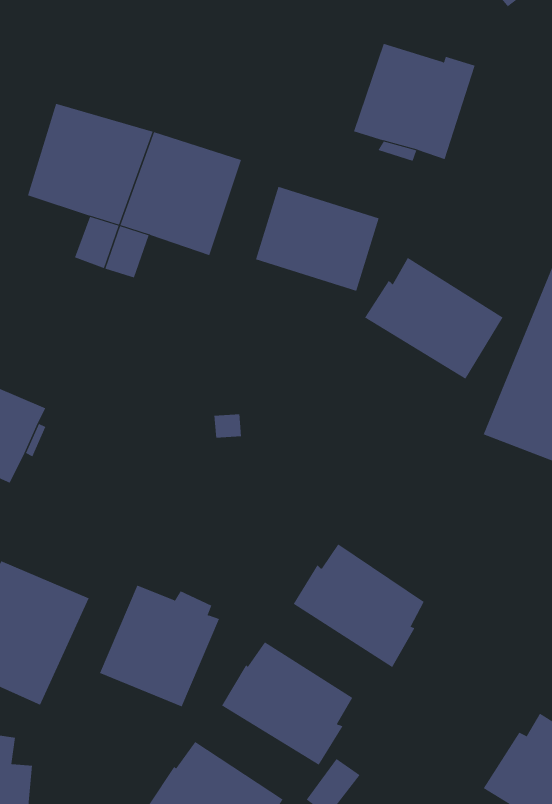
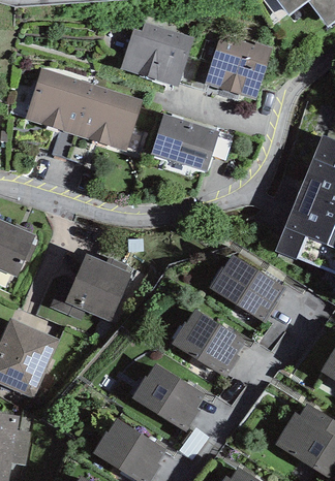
building: none -> [119,23,193,87]
building: [364,257,503,380] -> [208,255,284,322]
building: [99,585,220,707] -> [64,254,130,321]

